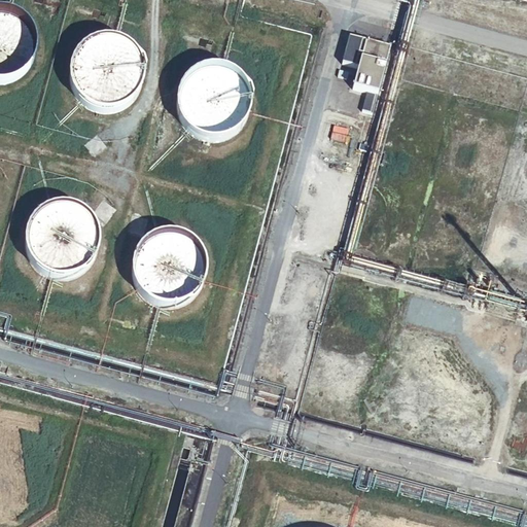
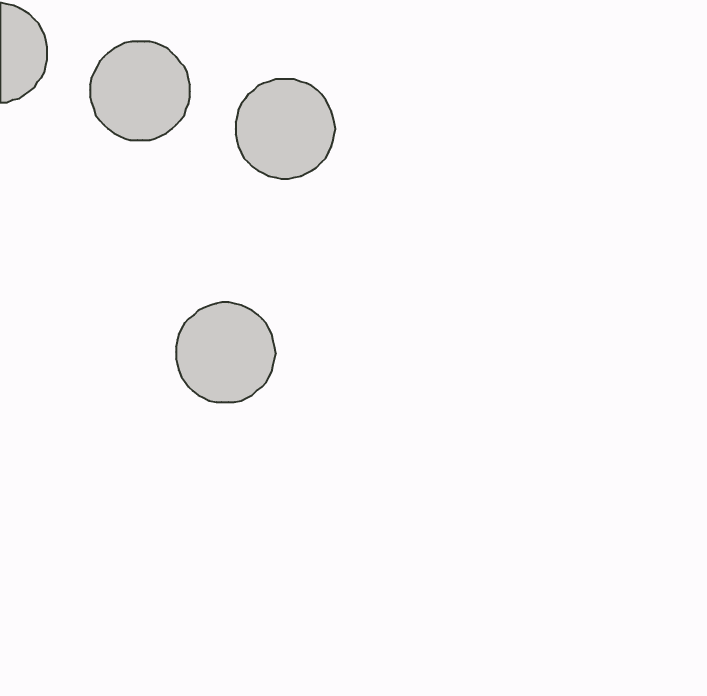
building: [343,30,389,106] -> none
building: [24,197,98,270] -> none

